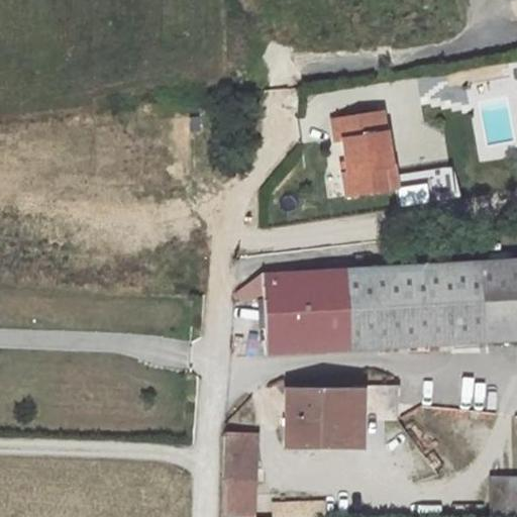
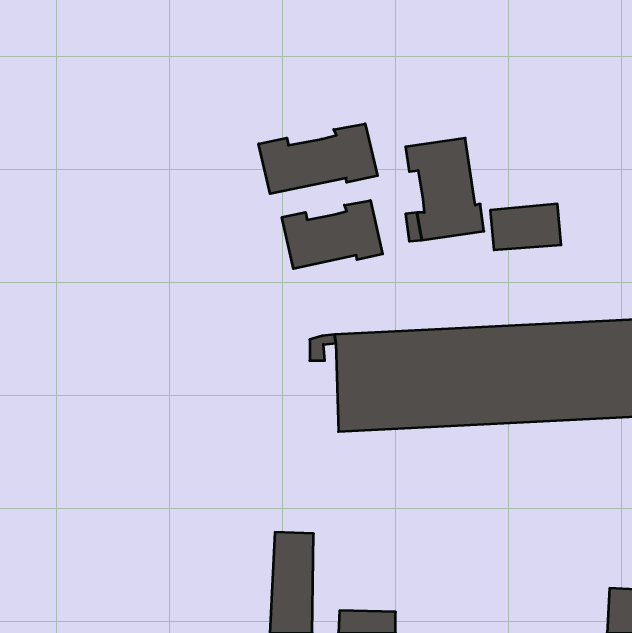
building: none -> [259,124,378,194]
building: none -> [282,200,383,269]
building: [290,398,363,452] -> none

